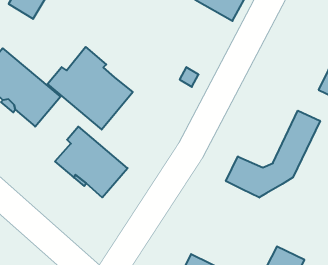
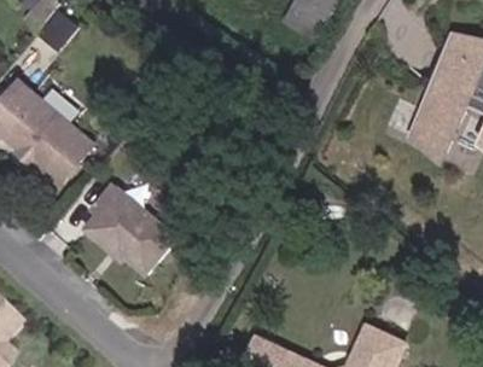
building: [48,47,133,130] -> none
building: [226,111,320,198] -> none

